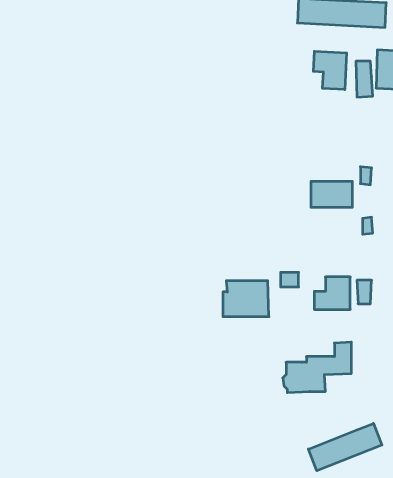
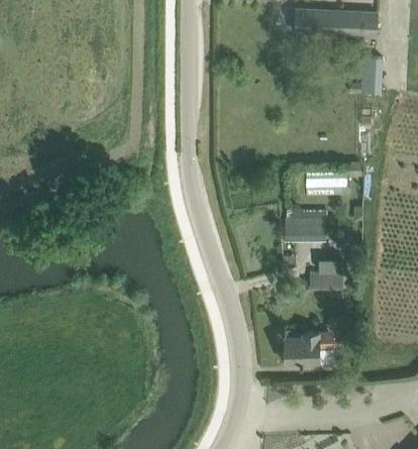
building: [313,51,347,90] -> none
building: [223,281,269,317] -> [286,209,327,241]
building: [308,423,382,471] -> none

